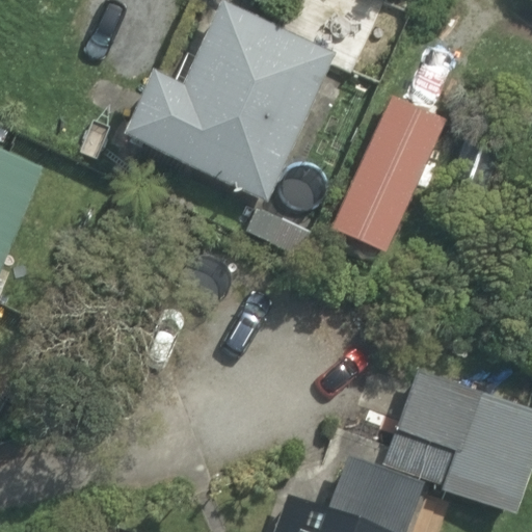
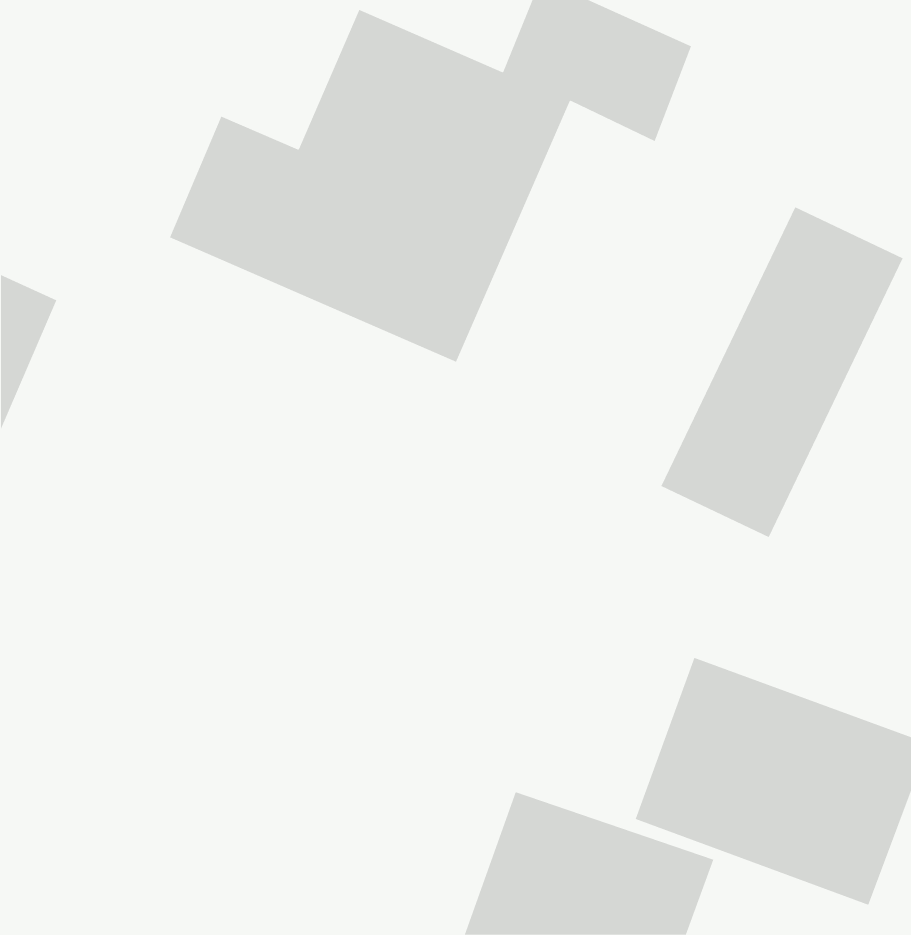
building: [327,66,464,254] -> [661,207,903,538]

